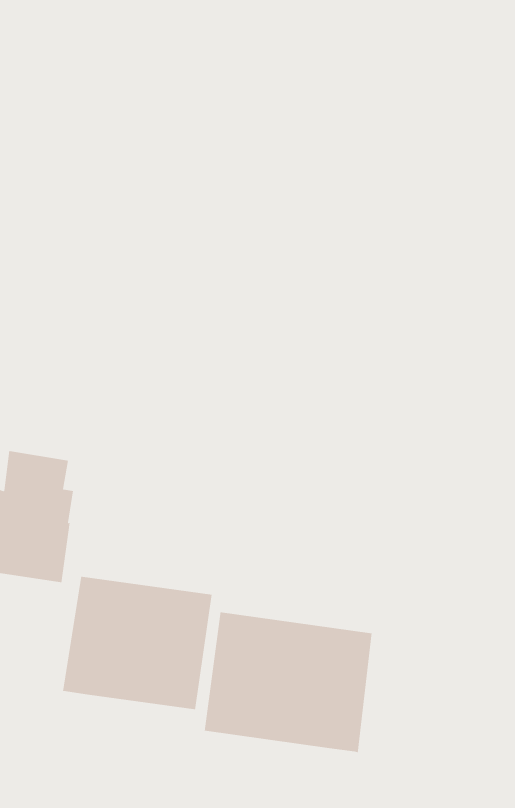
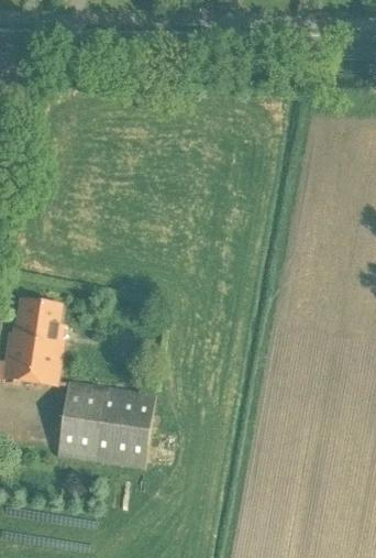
building: [204,612,372,753] -> none

